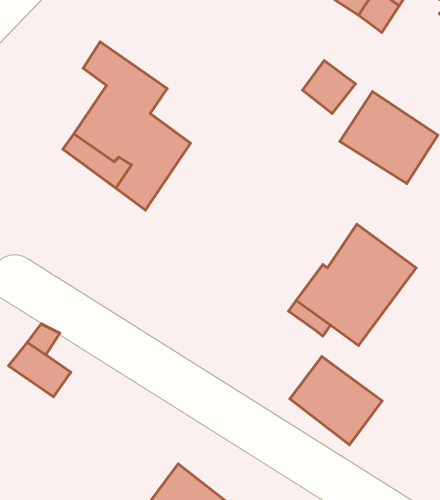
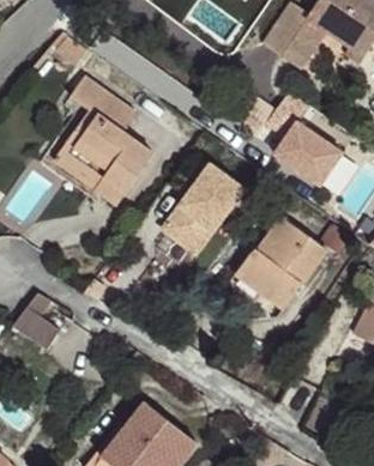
building: none -> [163,165,243,254]
building: [290,357,382,445] -> none

